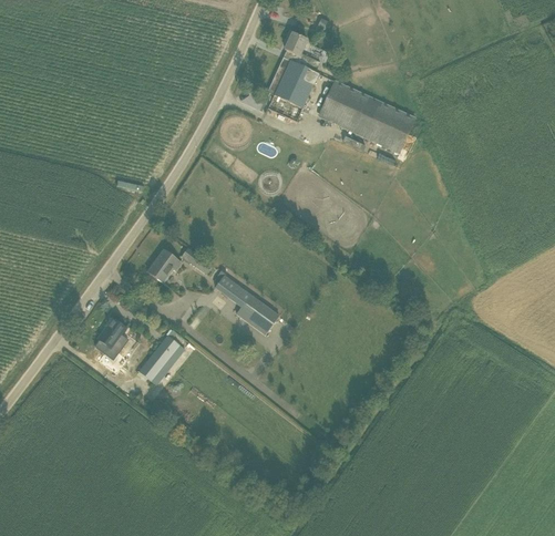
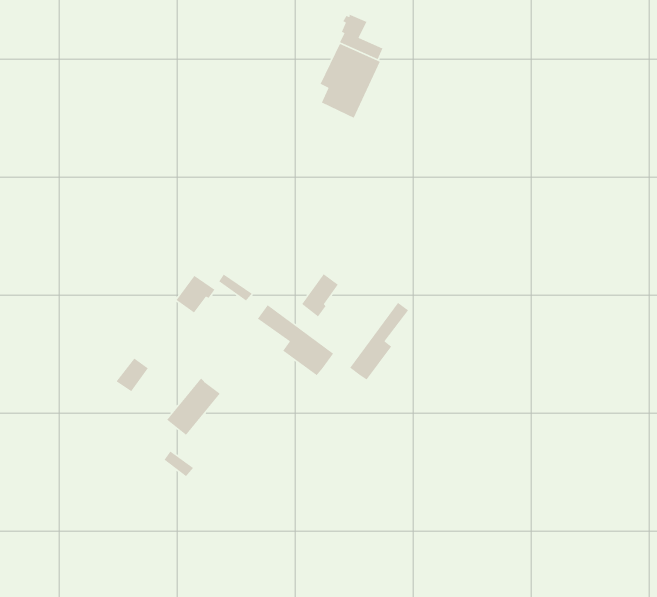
building: [317,79,415,153] -> none
building: none -> [301,273,339,317]
building: none -> [349,302,409,381]

